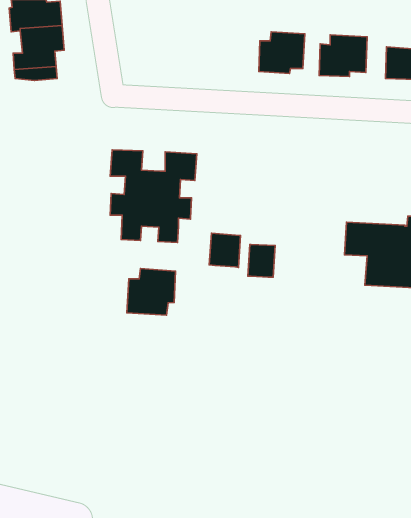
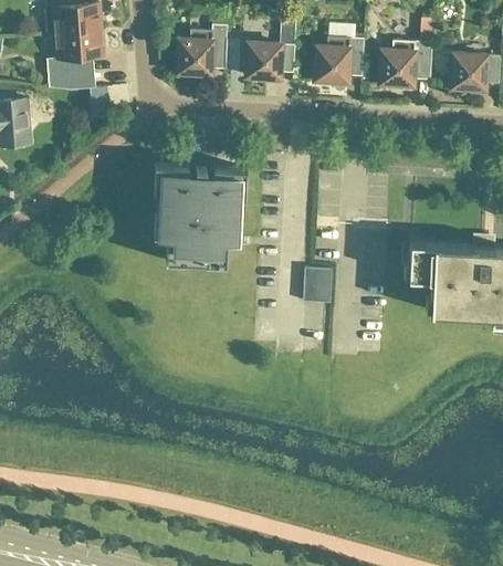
building: none -> [245,18,295,78]
building: none -> [172,24,227,74]
building: [209,233,241,267] -> none
building: [127,269,176,315] -> none

